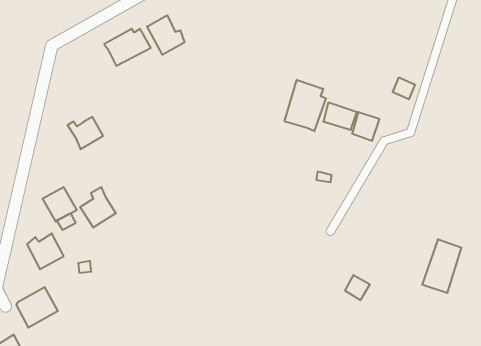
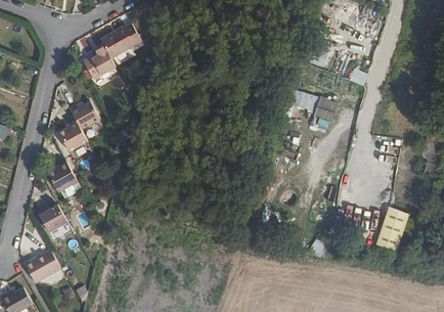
building: [147,15,184,55] -> none
building: none -> [81,43,116,79]
building: [285,80,326,131] -> none
building: [80,187,116,228] -> [58,120,89,154]

